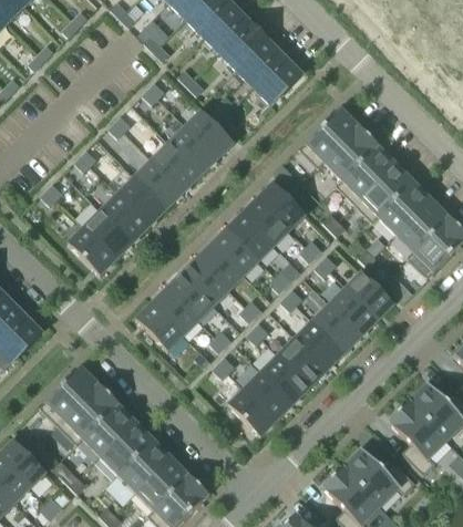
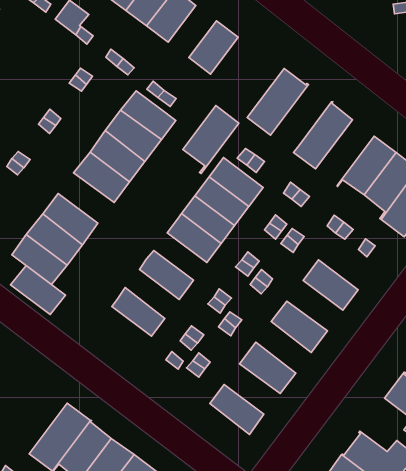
building: [237,39,284,85] -> none
building: [323,125,378,185] -> [183,106,239,174]
building: [354,163,412,220] -> none
building: [117,175,167,224] -> none
building: [197,241,244,288] -> none
building: [346,270,393,318] -> none
building: [166,271,214,319] -> none
building: [135,301,184,349] -> [11,265,66,314]
building: [311,302,361,351] -> none
building: [278,335,327,385] -> none
building: [40,365,99,424] -> none
building: [244,370,294,418] -> none

